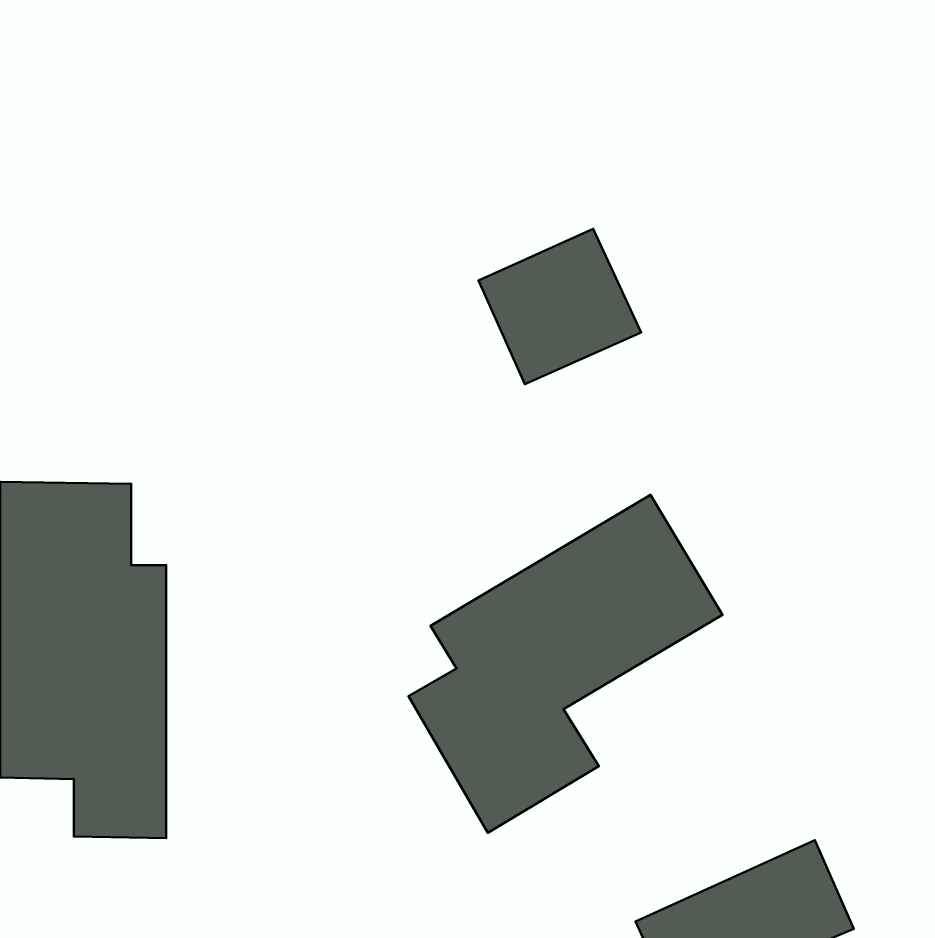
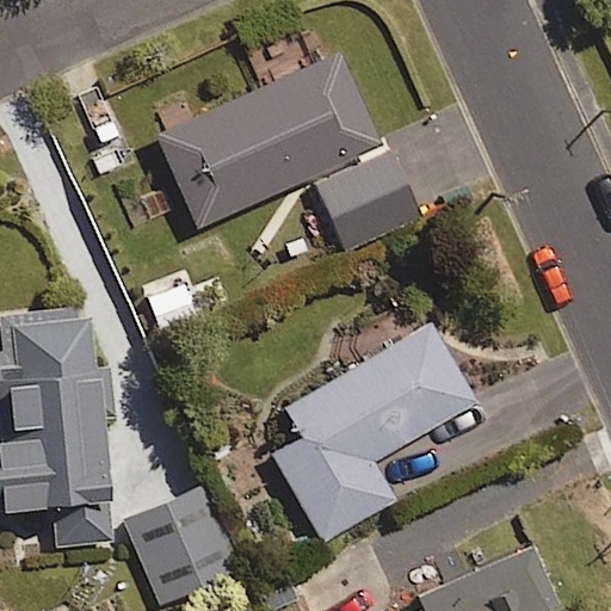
building: none -> [156,53,377,226]
building: none -> [136,513,239,604]

